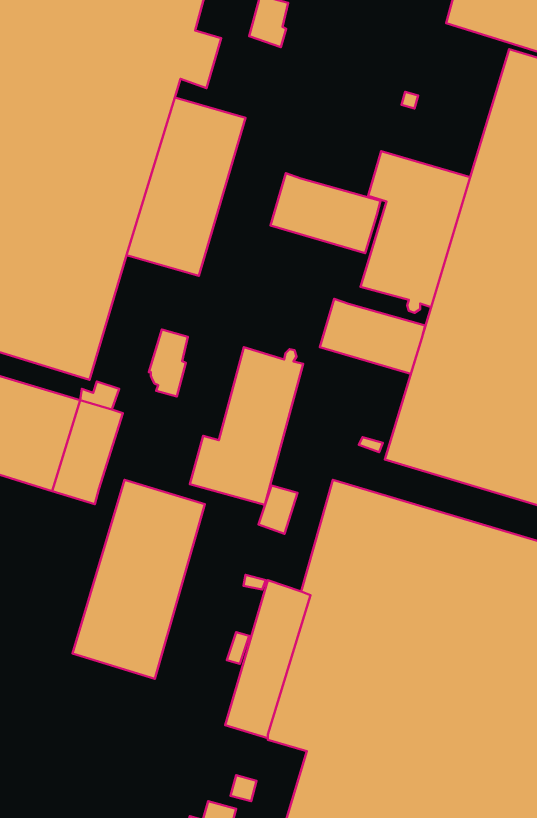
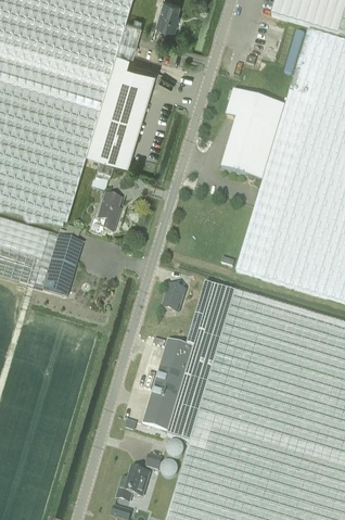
building: [270,173,381,253] -> none
building: [320,299,425,374] -> none
building: [190,347,303,505] -> none
building: [73,480,205,679] -> none

